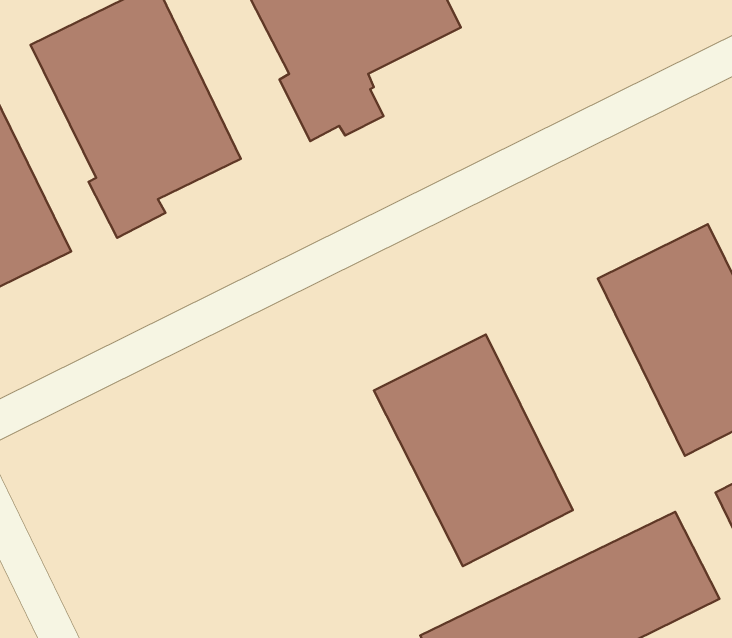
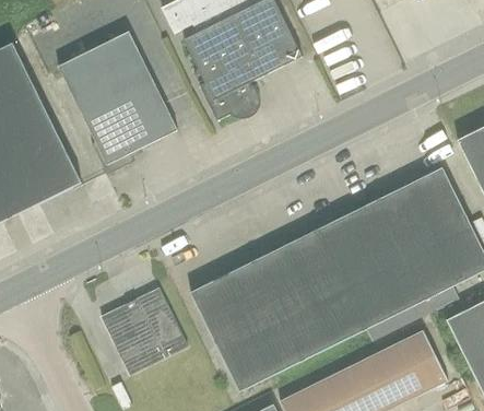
building: none -> [317,198,429,329]
building: none -> [191,261,304,391]
building: none -> [101,286,189,375]

